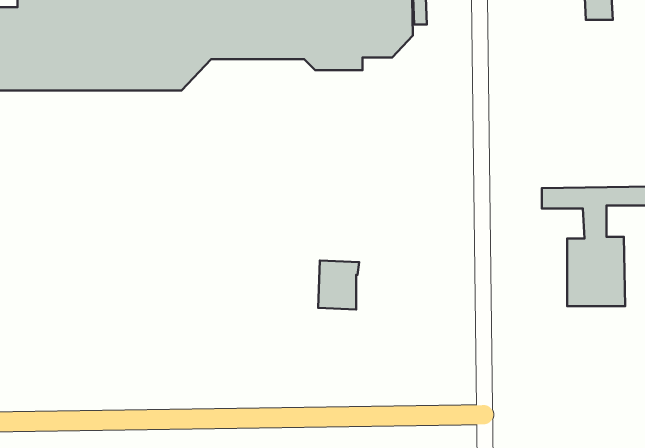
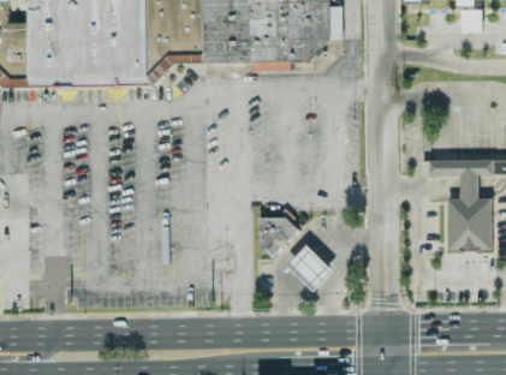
building: none -> [285,245,332,291]

